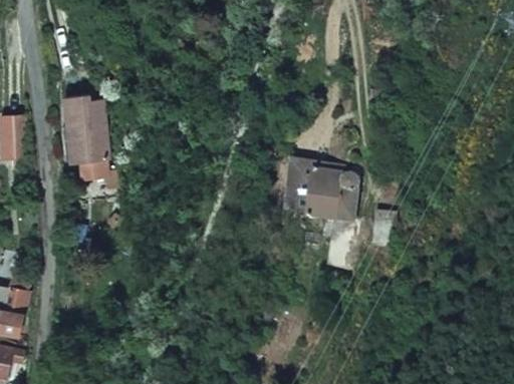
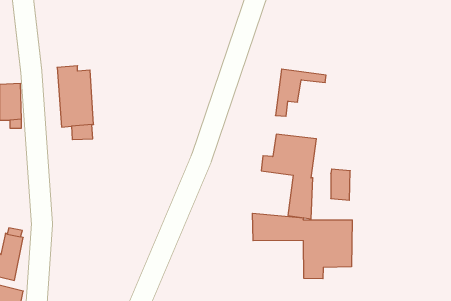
building: [283,160,340,214] -> [275,69,326,116]
building: none -> [252,213,352,279]

